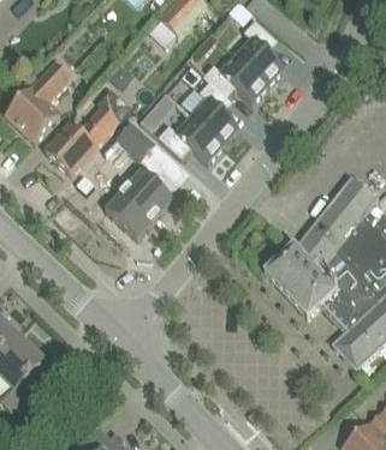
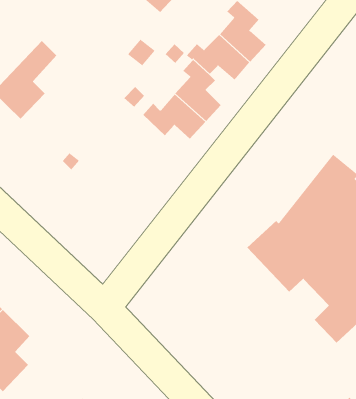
building: [44,94,131,175] -> none
building: [105,125,173,240] -> none

